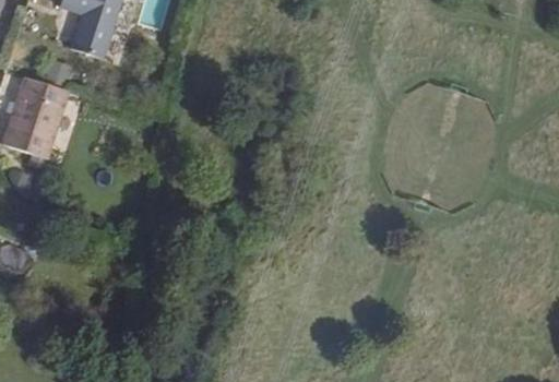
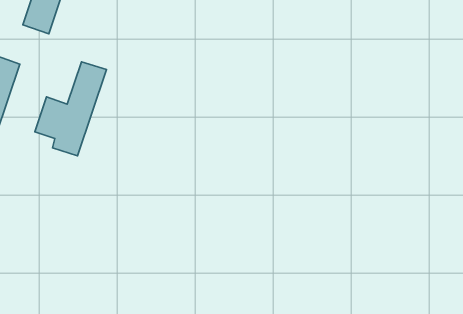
building: none -> [35,62,106,156]

